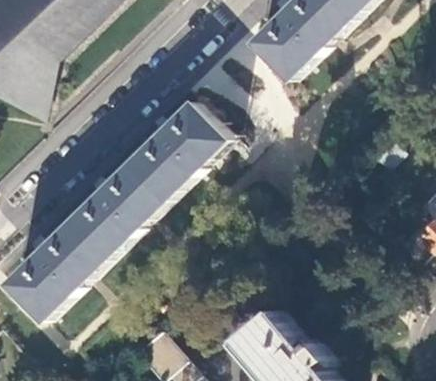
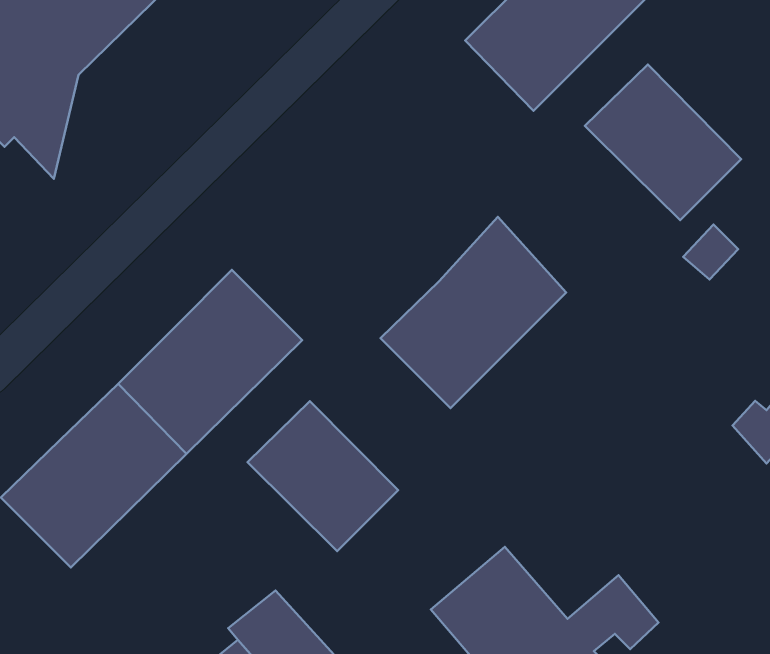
building: none -> [585,64,741,220]
building: [129,99,227,200] -> [380,217,566,408]
building: none -> [248,401,398,551]

